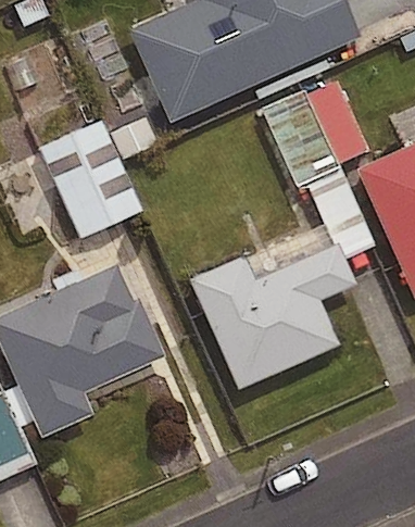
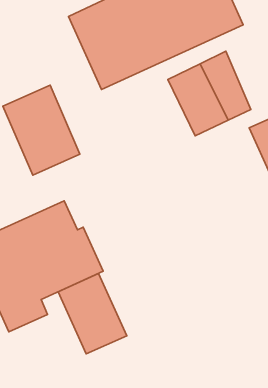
building: [191,244,359,390] -> none
building: none -> [58,274,127,354]

